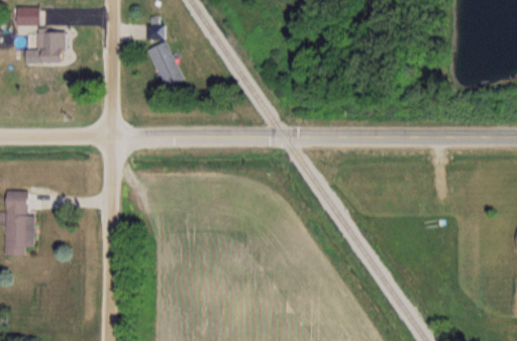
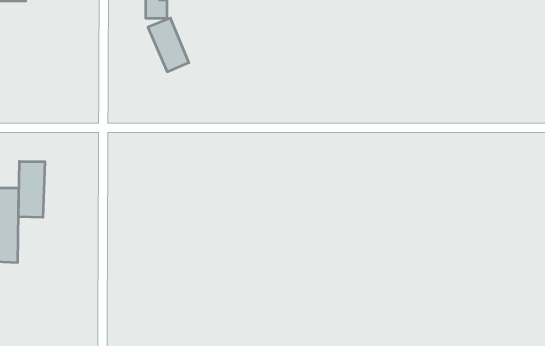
building: [34,32,62,63] -> none
building: none -> [19,161,45,217]

